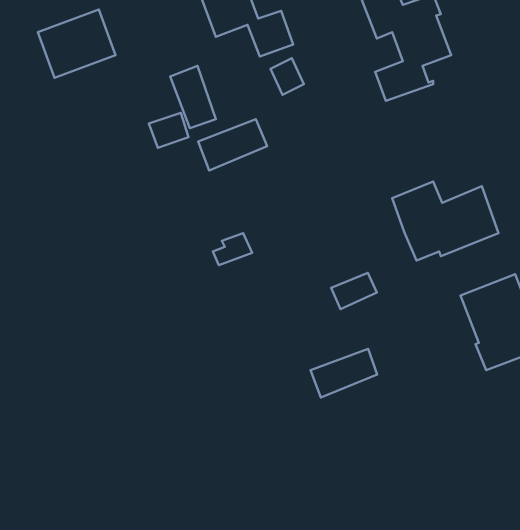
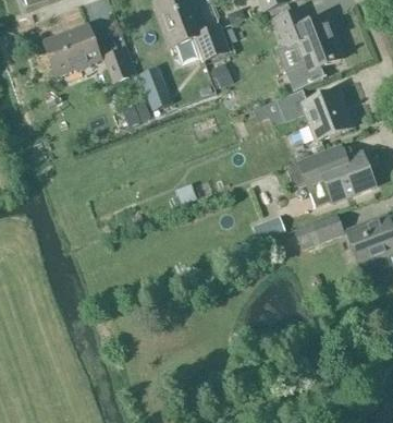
building: none -> [102,47,132,81]
building: none -> [277,86,352,138]
building: [198,119,267,171] -> none
building: [310,349,377,397] -> [294,213,342,247]

